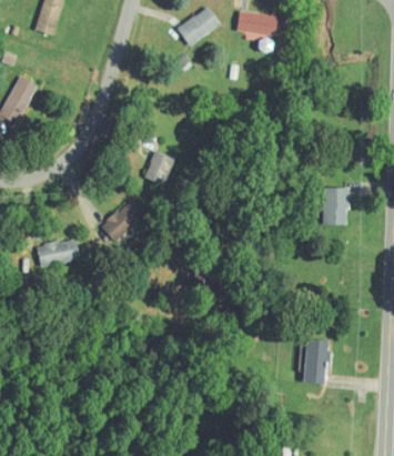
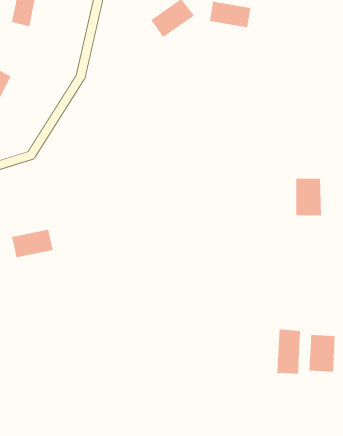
building: [144,151,173,185] -> none
building: [100,201,143,241] -> none
building: none -> [309,334,335,373]

